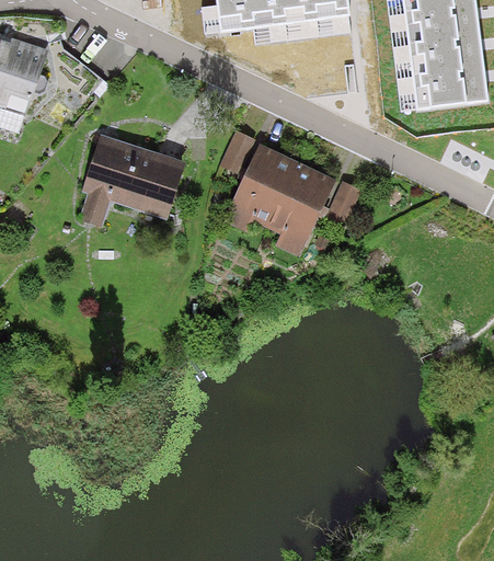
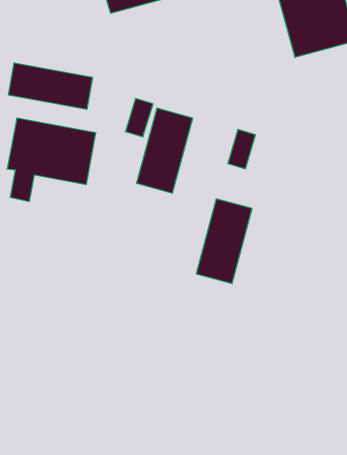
building: none -> [8,63,92,109]
building: [261,161,333,257] -> [196,199,252,284]

